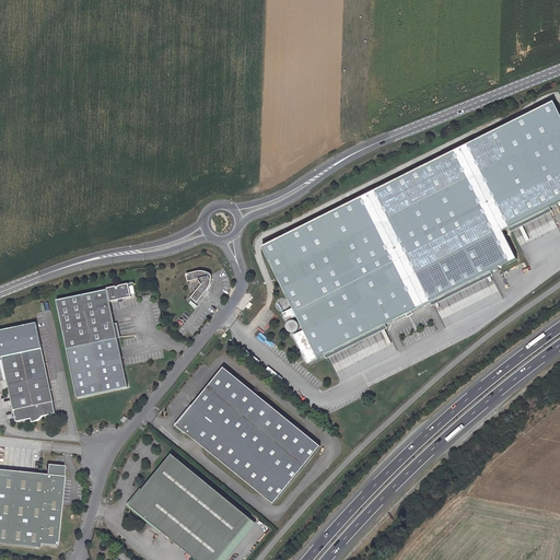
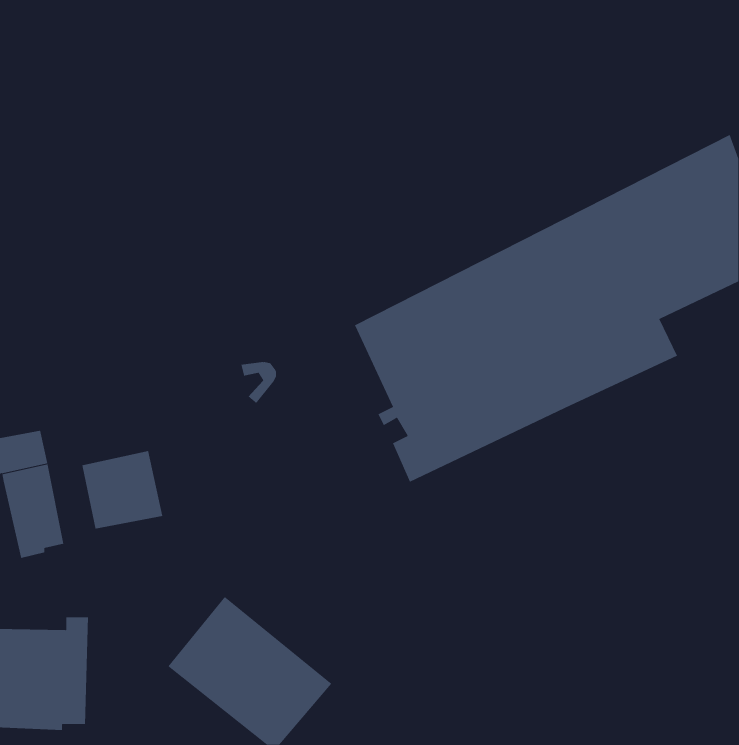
building: [50,283,124,349] -> none
building: [176,363,320,501] -> none

